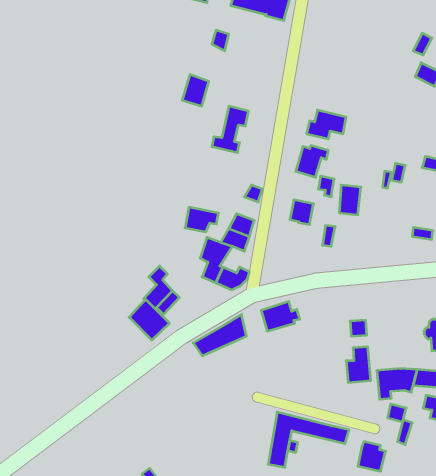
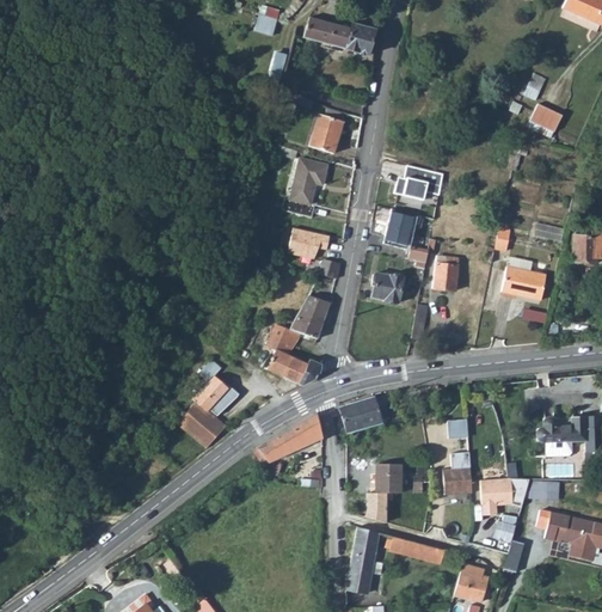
building: [182,75,209,106] -> [309,115,342,153]
building: none -> [499,269,545,304]
building: [185,207,219,232] -> [287,226,327,256]
building: none -> [366,465,400,520]

